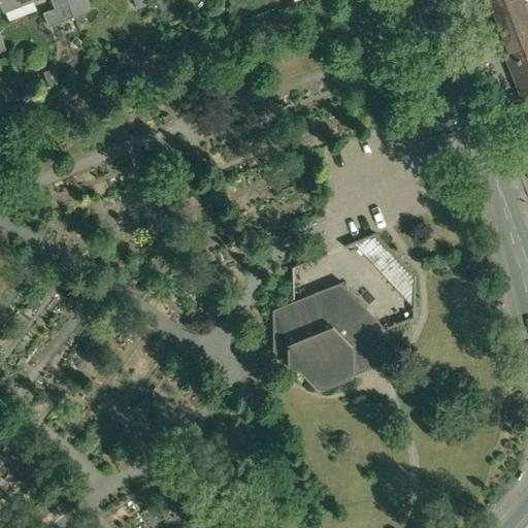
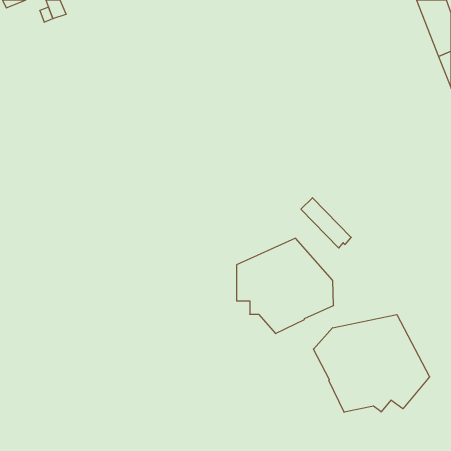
building: none -> [313,315,430,412]

